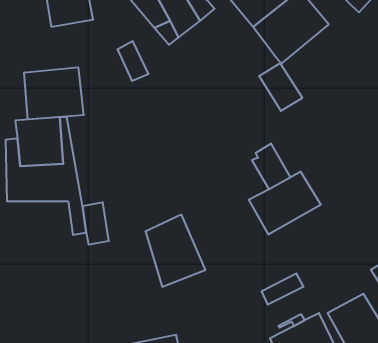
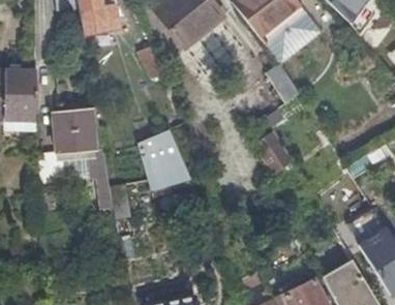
building: [24,67,84,119] -> none
building: [249,171,321,235] -> none
building: [145,215,205,287] -> [138,129,189,191]

